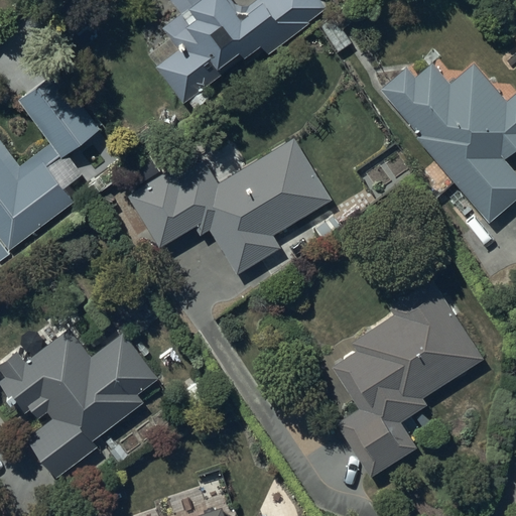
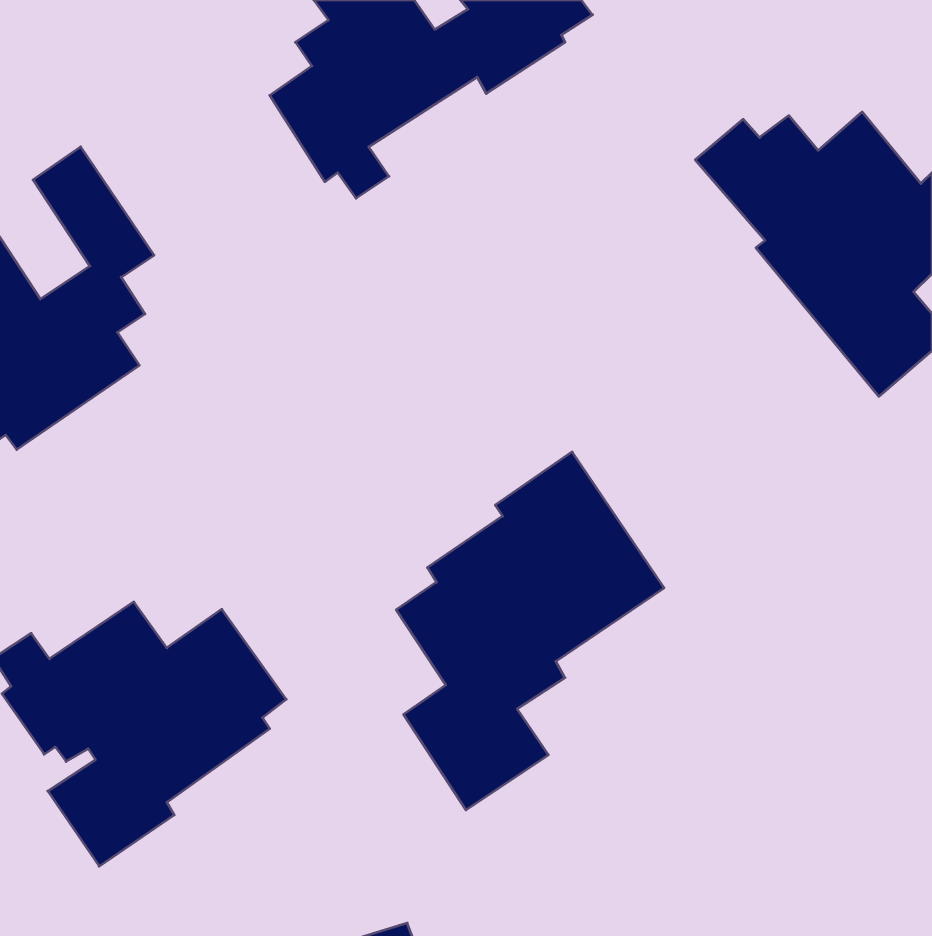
building: [134,139,333,272] -> none
building: [334,279,481,476] -> [396,452,664,810]

